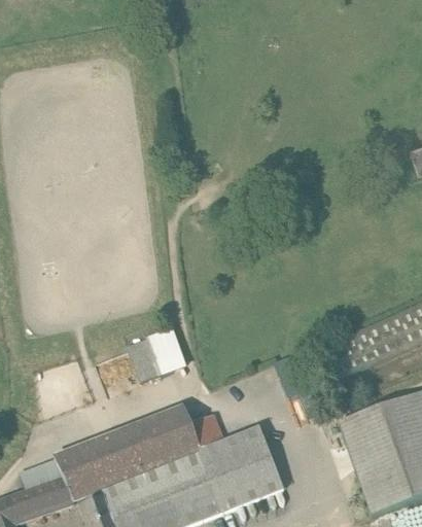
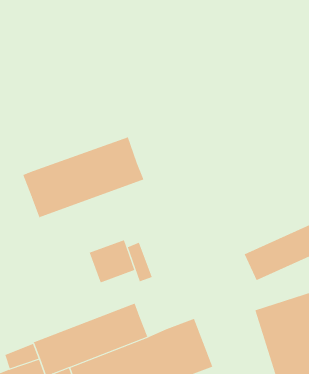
building: none -> [23,136,144,218]
building: none -> [127,242,153,282]
building: [192,415,225,450] -> none

